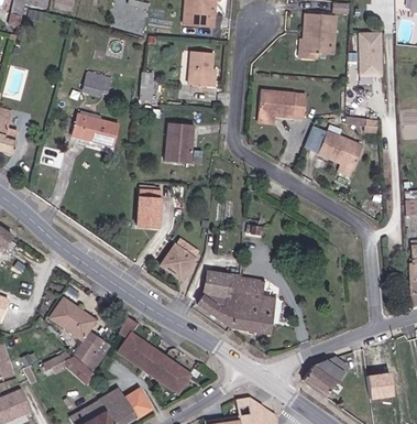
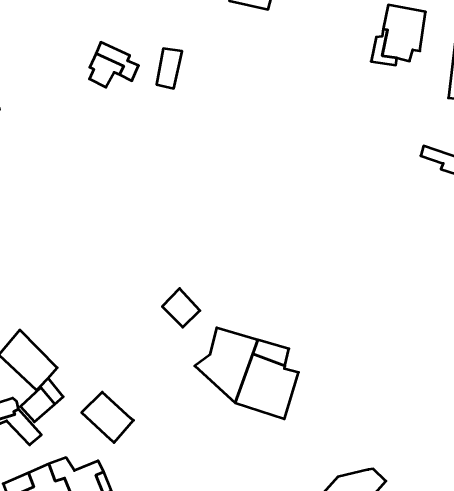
building: [189,55,212,89] -> none
building: [259,90,306,116] -> none
building: [75,115,122,146] -> none
building: [167,128,196,167] -> none
building: [319,128,363,163] -> none
building: [140,192,163,230] -> none
building: [146,351,188,391] -> none

